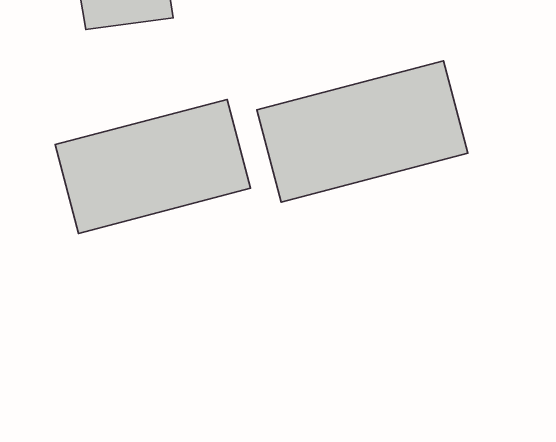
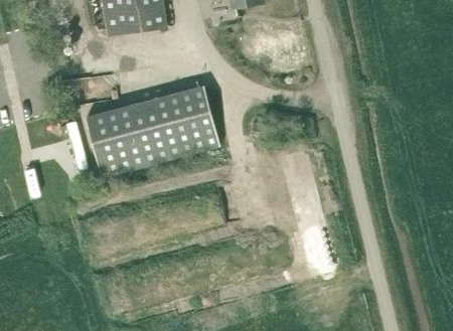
building: [257,61,468,202] -> none

